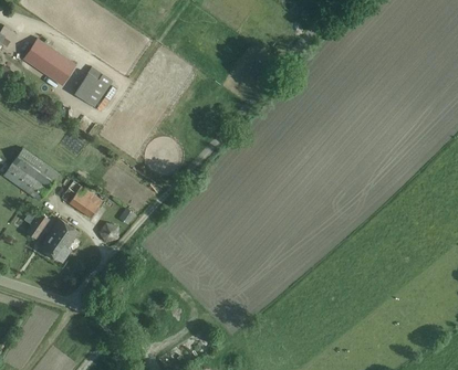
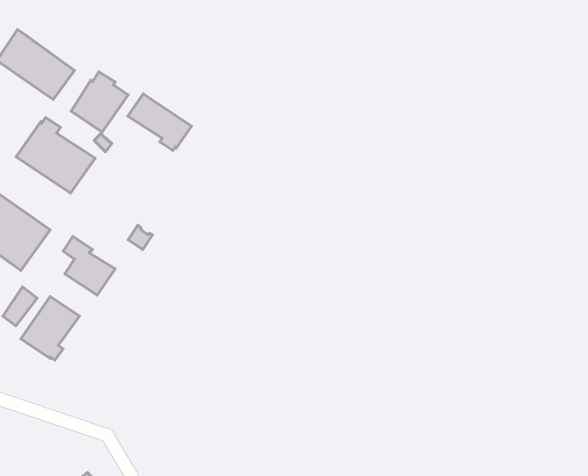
building: none -> [128,94,192,151]
building: none -> [16,118,95,193]

